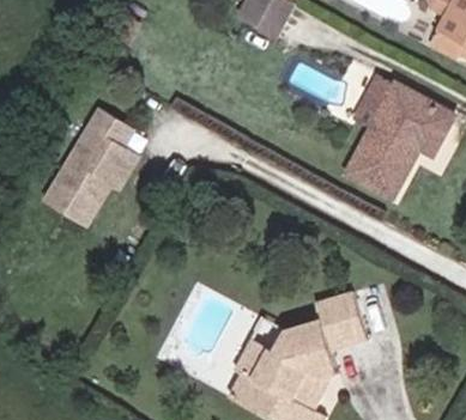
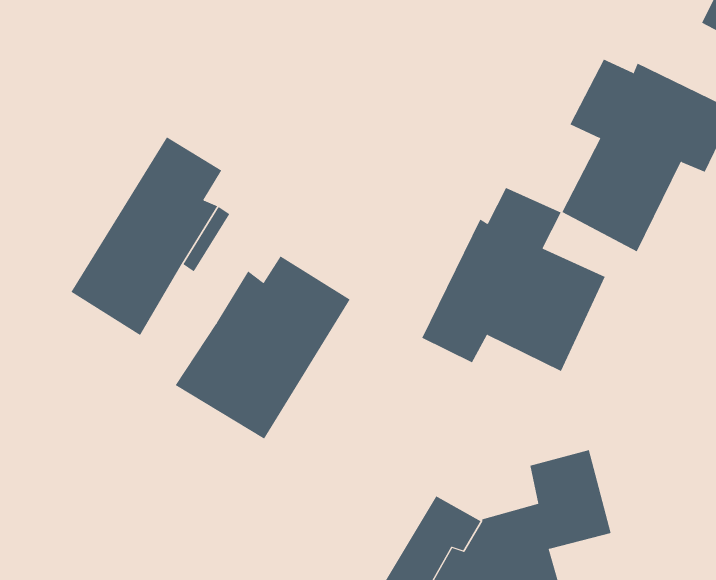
building: none -> [421,187,605,372]
building: none -> [175,256,351,440]

